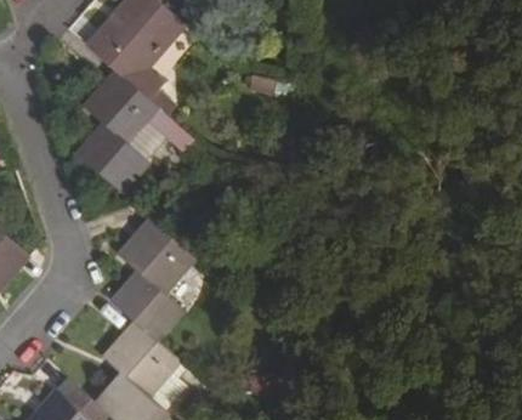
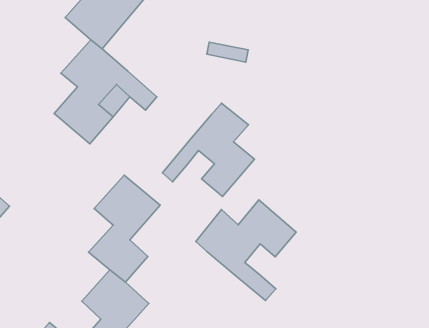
building: none -> [163,103,255,196]
building: none -> [196,200,296,301]

